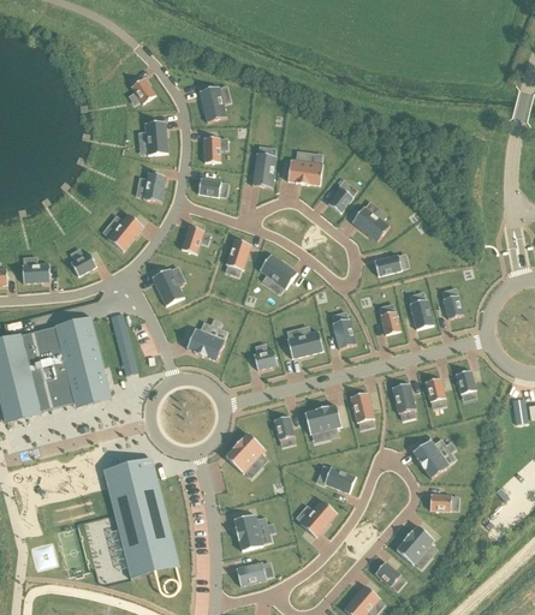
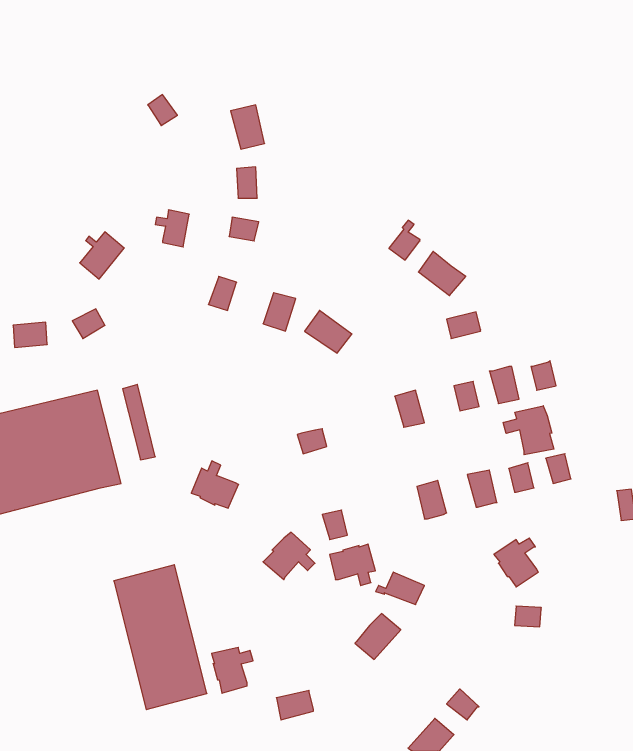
building: [137,120,167,154] -> none
building: [287,150,322,184] -> none
building: [251,153,275,186] -> none
building: [107,211,143,250] -> [80,232,124,279]
building: [151,267,184,305] -> none
building: [186,321,225,359] -> [191,461,239,508]
building: [286,324,322,357] -> none
building: none -> [503,406,554,455]
building: [304,404,341,437] -> [330,544,375,586]
building: [233,513,267,550] -> [212,647,253,693]
building: [396,524,438,563] -> none

